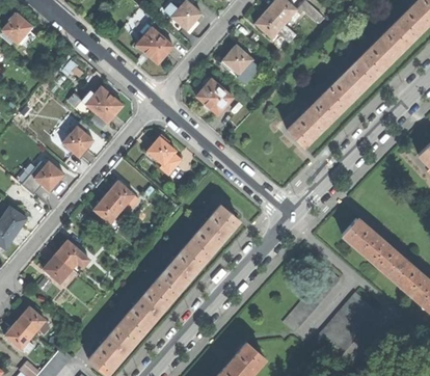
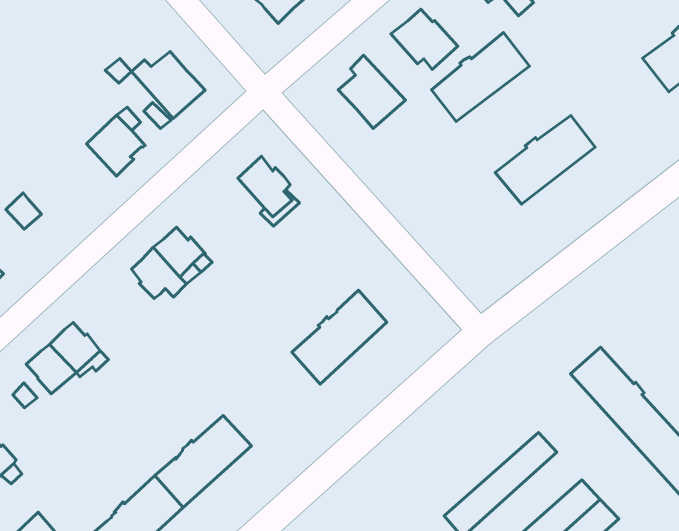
building: [325,57,377,109] -> [432,32,530,121]
building: [34,162,65,192] -> none
building: [156,242,207,296] -> none

